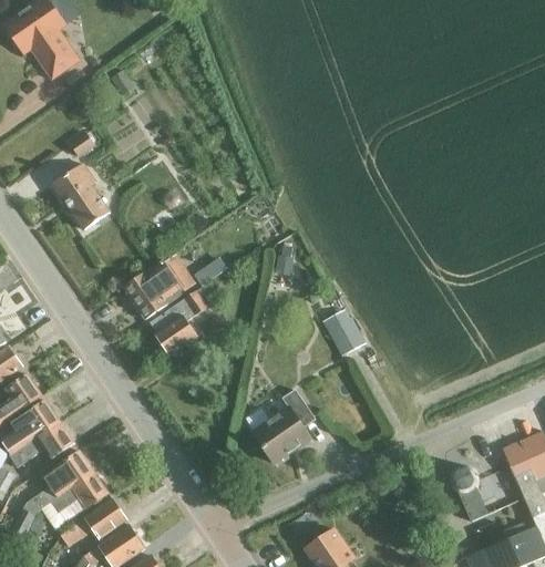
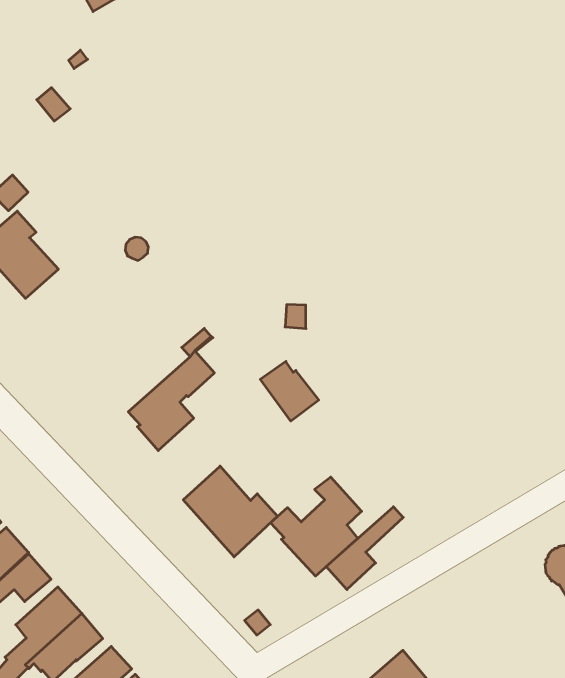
building: [124,260,184,319] -> none
building: [322,310,364,355] -> [260,361,319,421]
building: none -> [183,466,278,557]
building: none -> [326,507,403,590]

